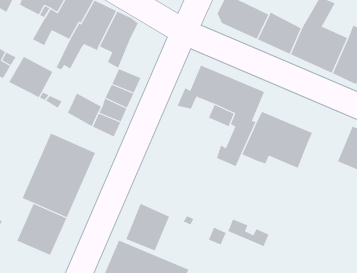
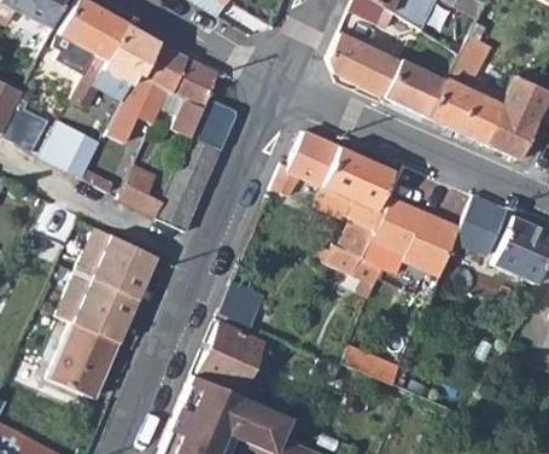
building: none -> [191,97,236,150]
building: none -> [454,193,509,255]
building: none -> [218,280,265,326]

